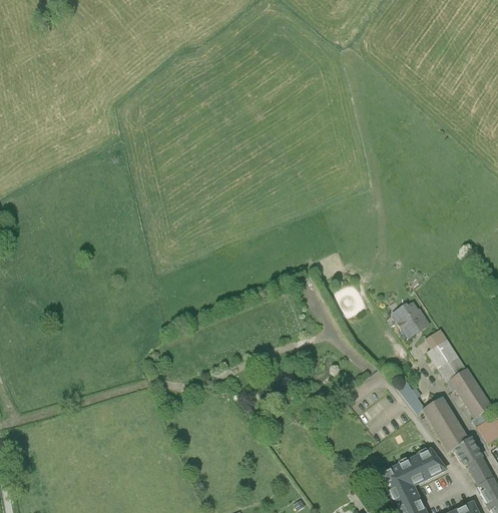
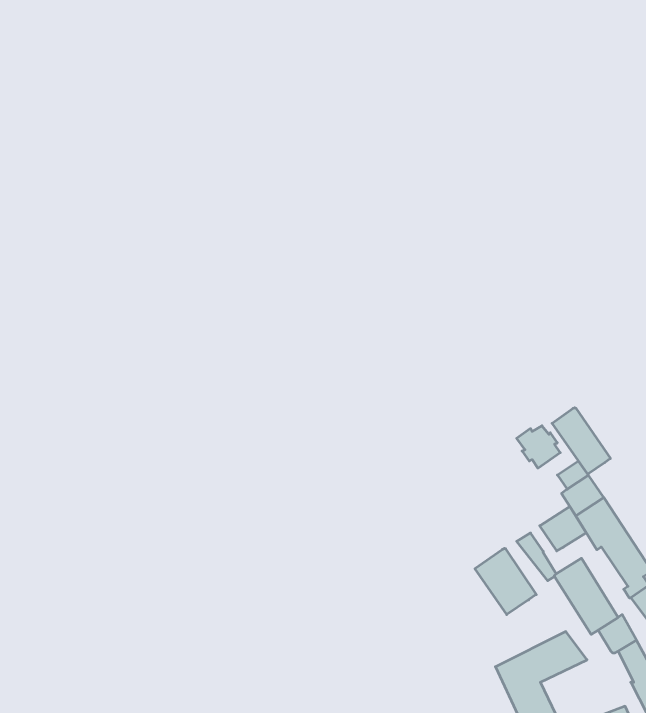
building: none -> [552,408,610,474]
building: none -> [540,506,586,551]
building: none -> [475,548,536,615]

